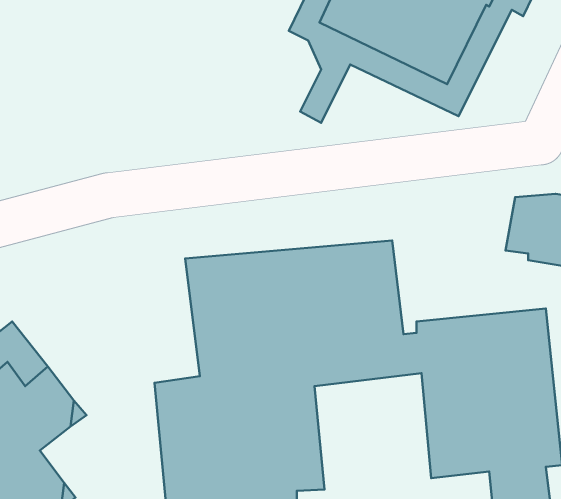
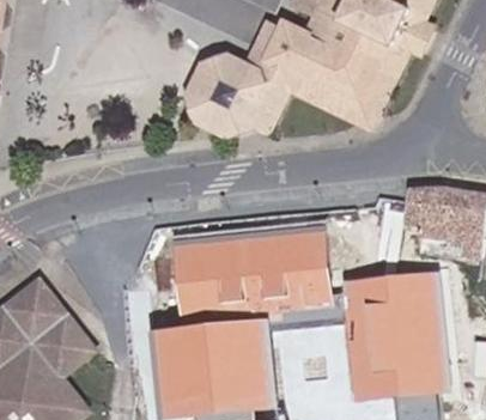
building: none -> [189,56,268,132]

